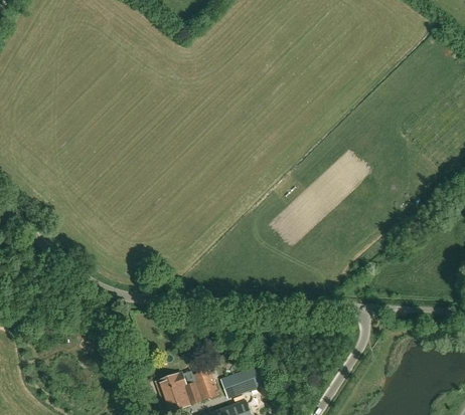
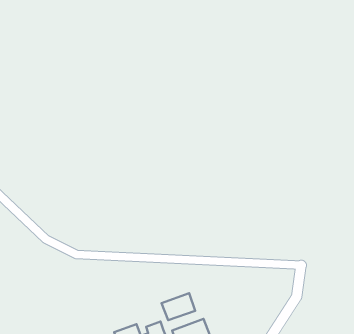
building: none -> [162,293,195,320]

